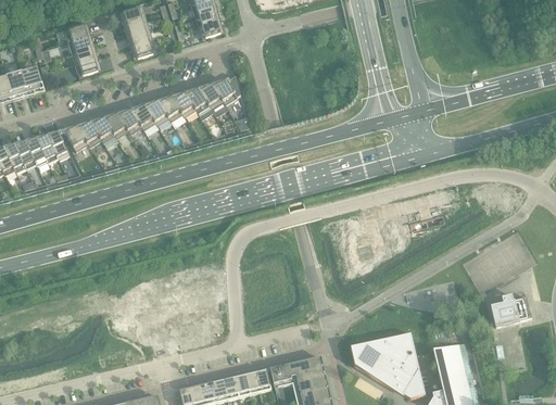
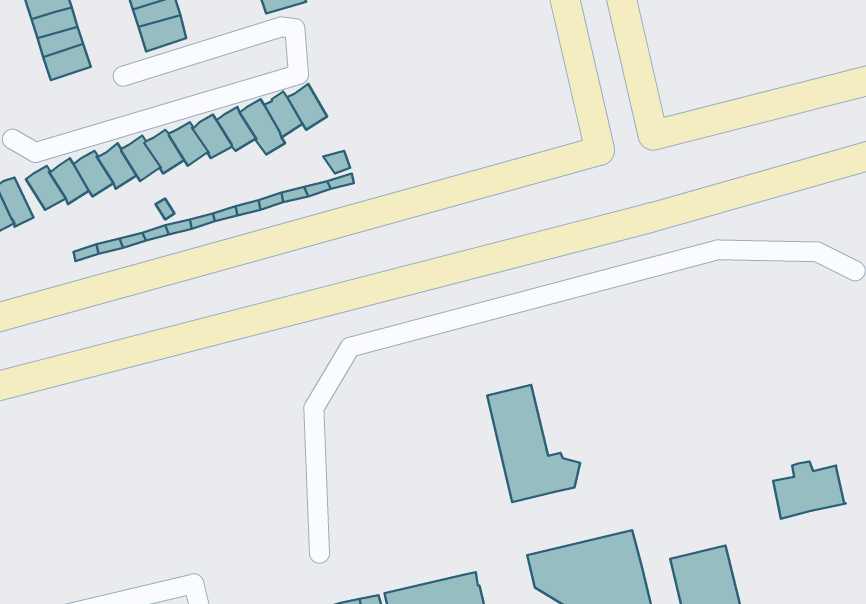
building: none -> [487,385,580,502]

